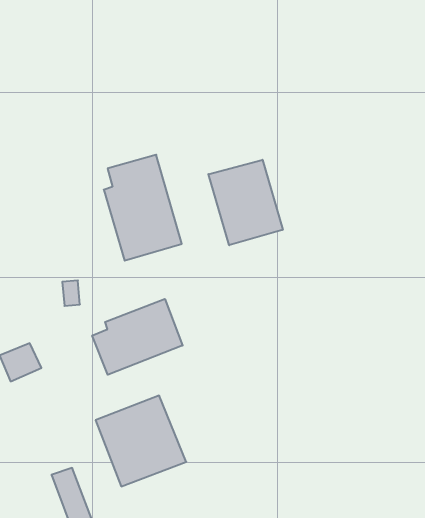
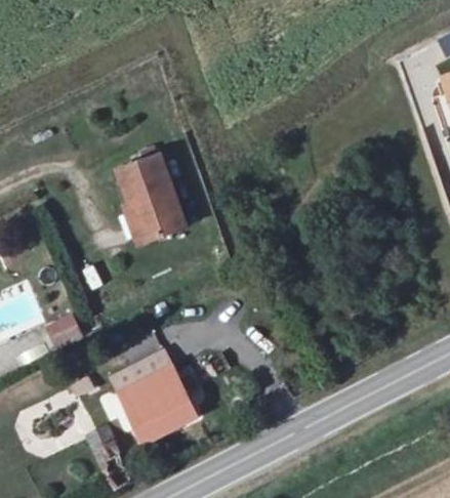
building: [208,160,283,245] -> none
building: [92,299,183,375] -> none

